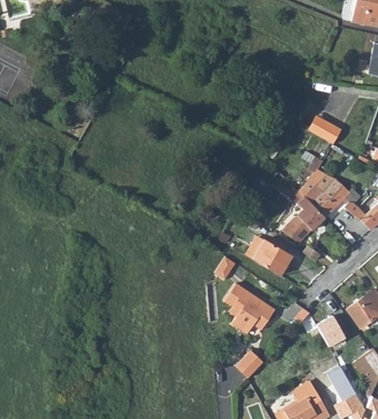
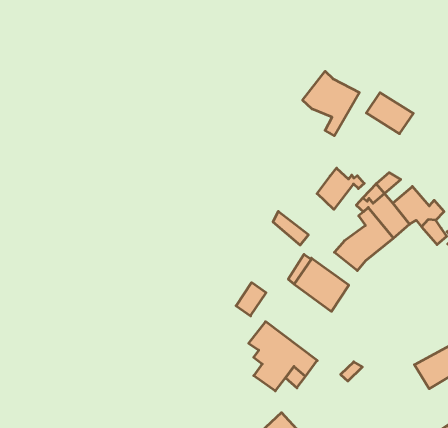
building: none -> [303,71,359,136]
building: none -> [317,168,364,209]
building: [317,318,347,350] -> none

